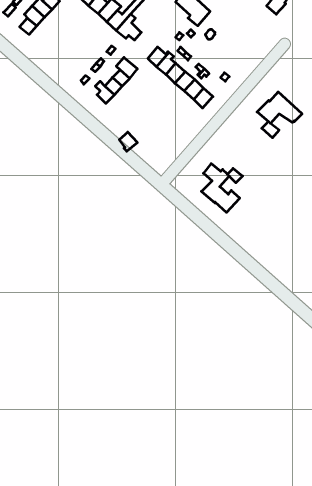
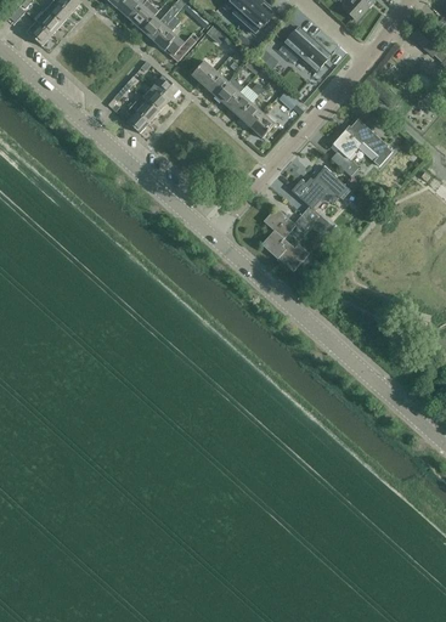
building: none -> [283,24,327,72]
building: none -> [290,166,344,225]

